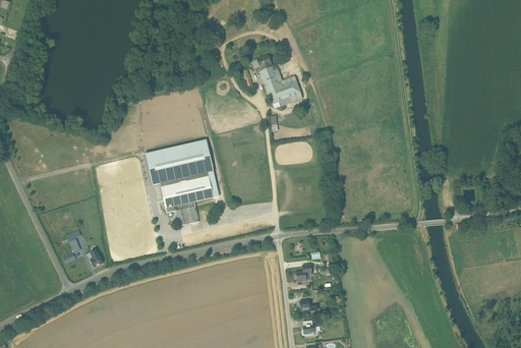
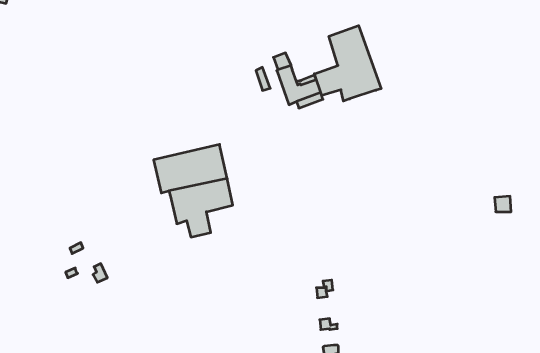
building: none -> [314,26,381,101]

